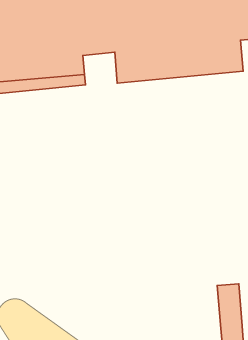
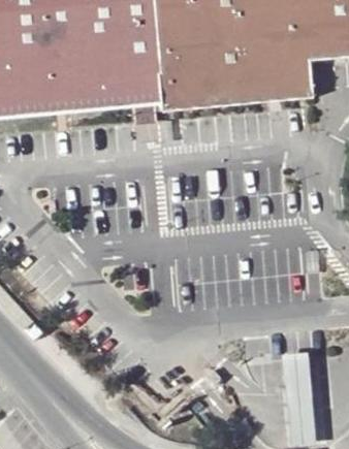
building: none -> [121,69,162,108]

